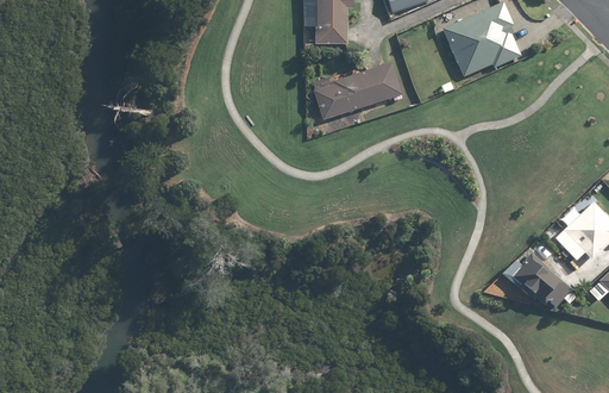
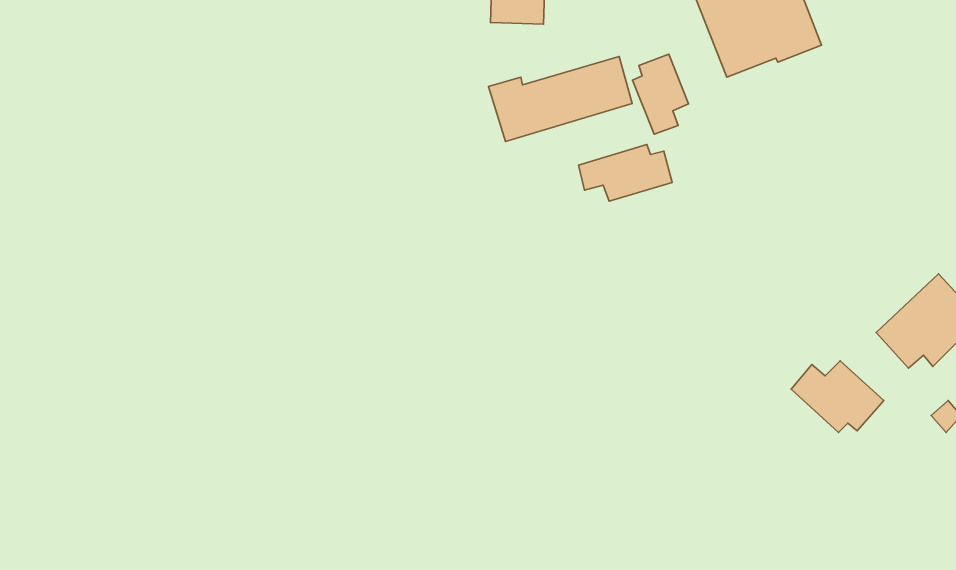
building: none -> [633,54,688,134]
building: none -> [578,144,672,201]

